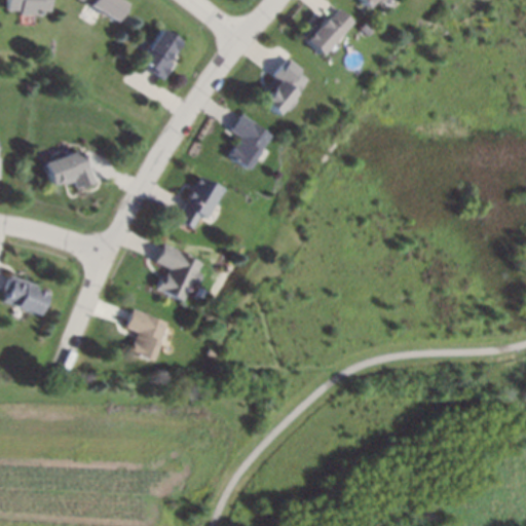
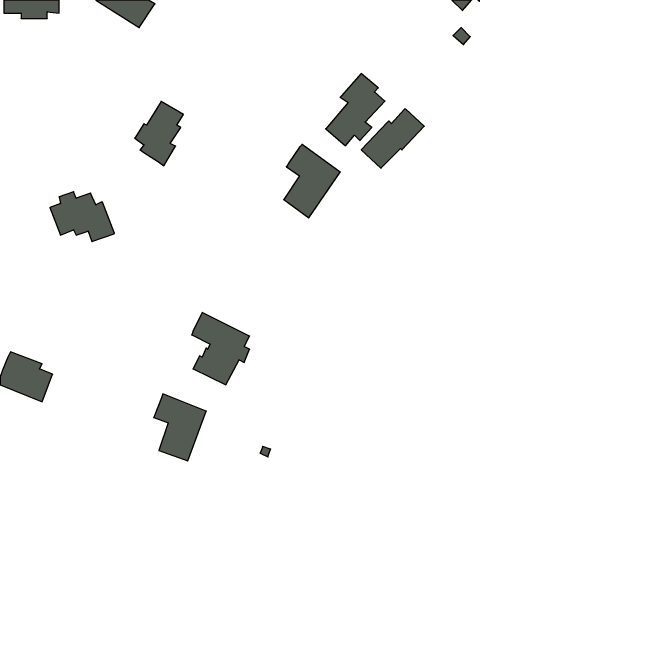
building: [306,8,355,54] -> [361,109,424,168]
building: [142,29,180,79] -> [135,101,183,166]
building: [179,176,221,228] -> none

